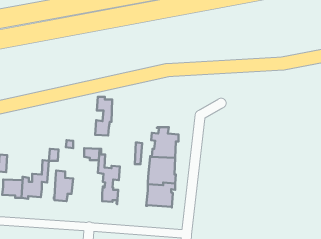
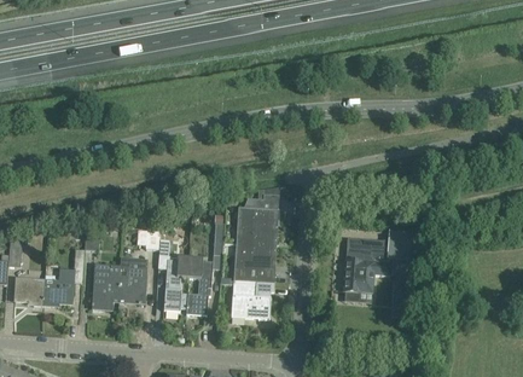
building: [95,97,112,136] -> [186,257,211,315]
building: none -> [342,231,412,298]
building: none -> [117,257,146,303]

